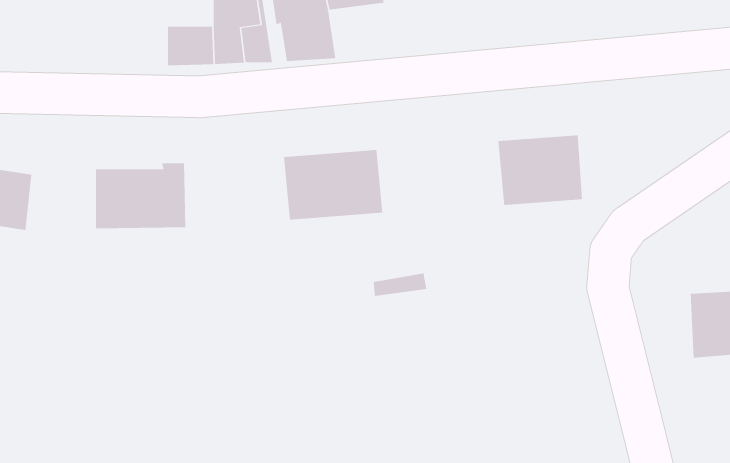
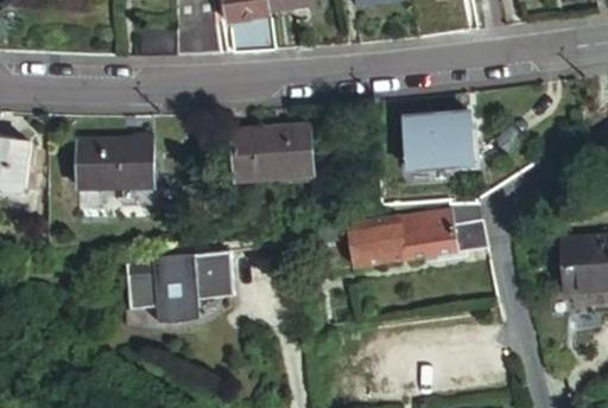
building: none -> [348,203,487,264]
building: none -> [125,248,234,320]

